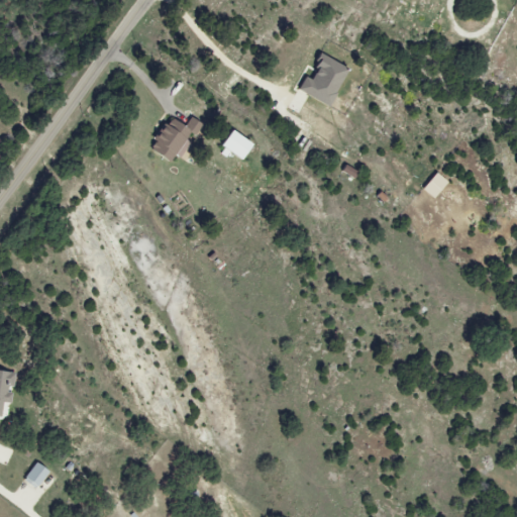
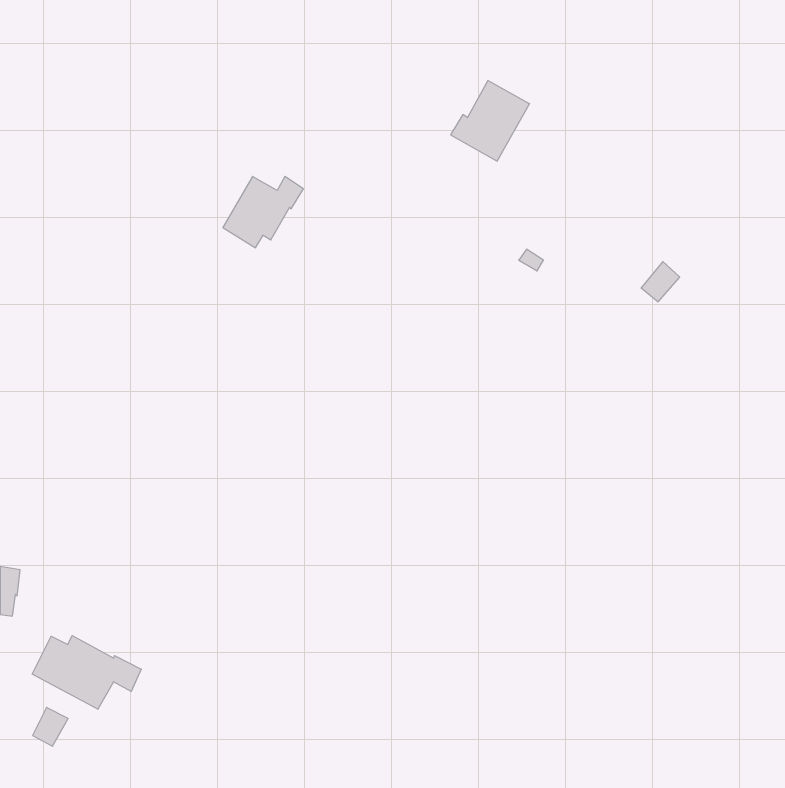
building: [220,129,251,160] -> none
building: none -> [32,636,141,709]

